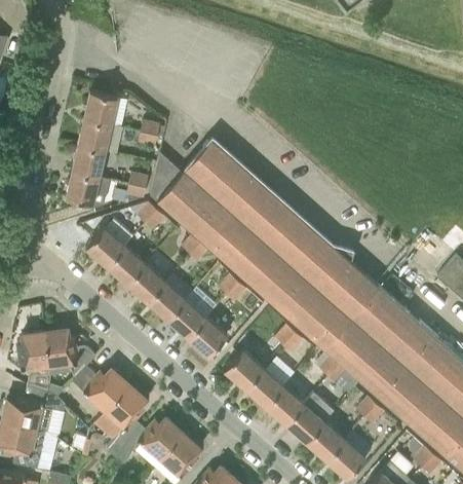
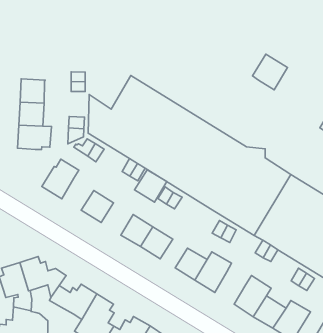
building: [83,91,124,127] -> none
building: none -> [252,54,287,90]
building: [106,245,145,284] -> none
building: [147,282,186,321] -> [135,170,167,202]
building: [265,385,303,424] -> none

